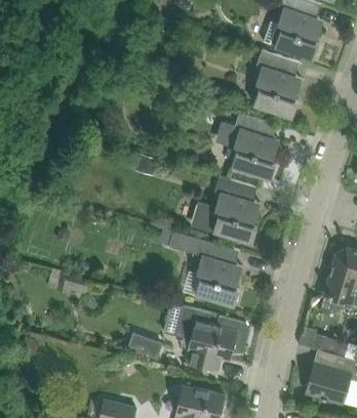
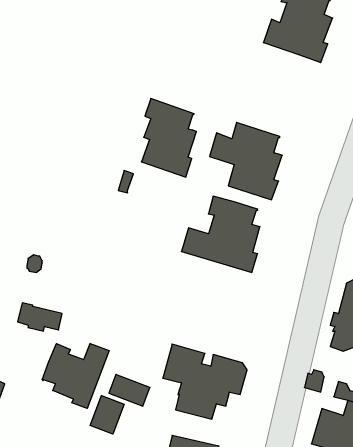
building: [253,50,302,119] -> [141,99,196,177]
building: [168,232,242,307] -> none
building: none -> [42,343,109,408]
building: none -> [90,396,124,434]

